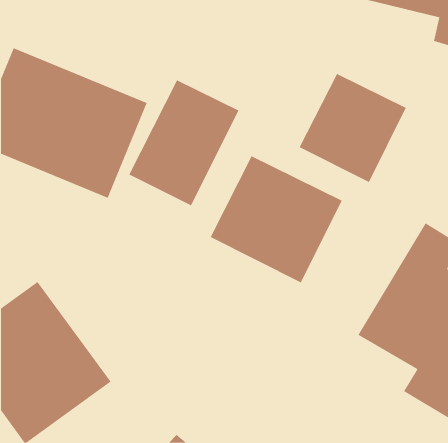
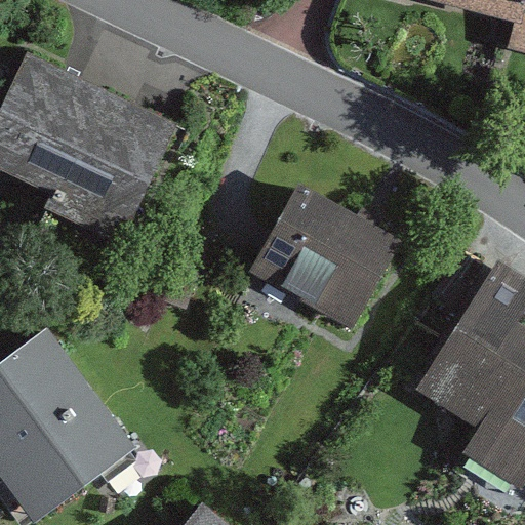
building: [299,73,407,183] -> none
building: [128,79,239,206] -> none

